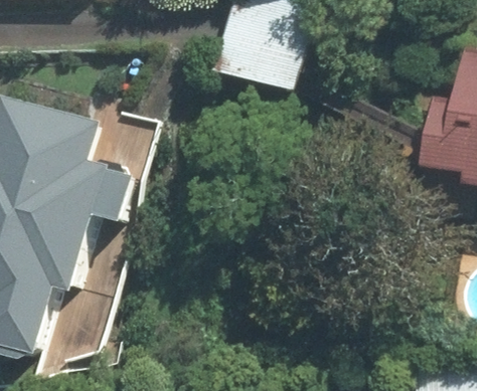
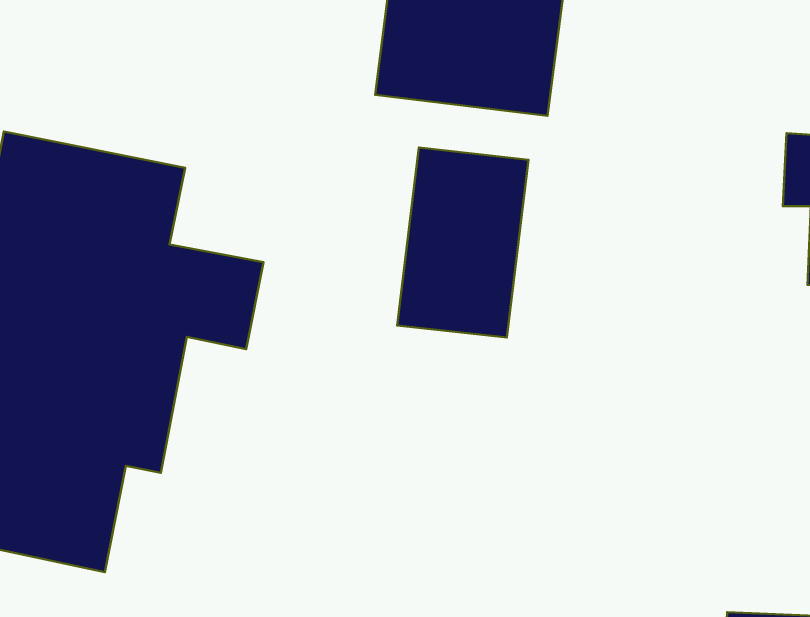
building: none -> [397,147,528,338]

